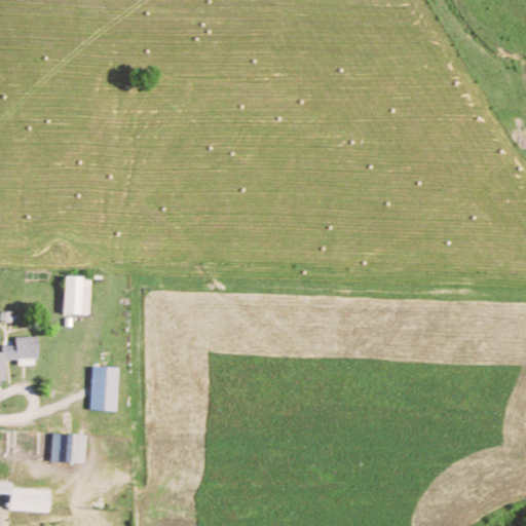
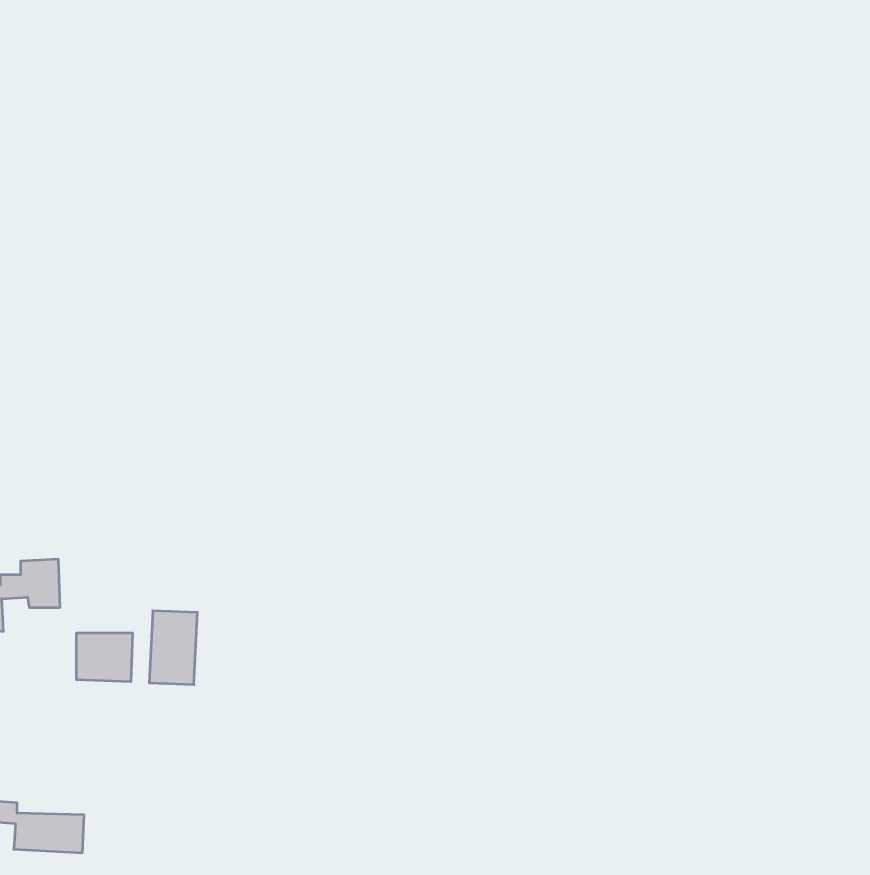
building: [63,275,89,314] -> none
building: [51,434,85,462] -> [76,633,133,681]

